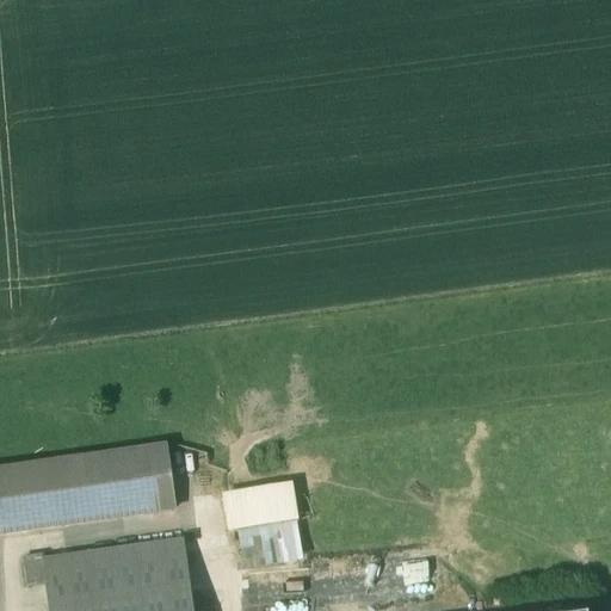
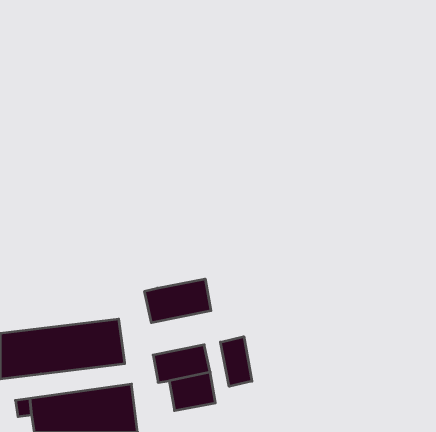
building: none -> [145,279,211,323]
building: none -> [220,337,252,386]

